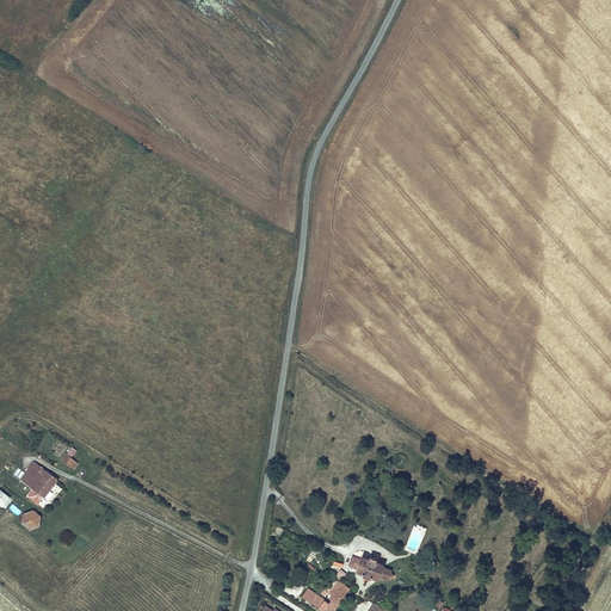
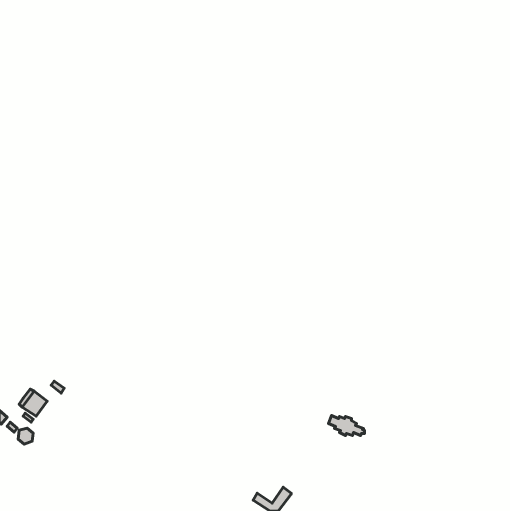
building: [348,556,391,580] -> [329,416,365,436]

